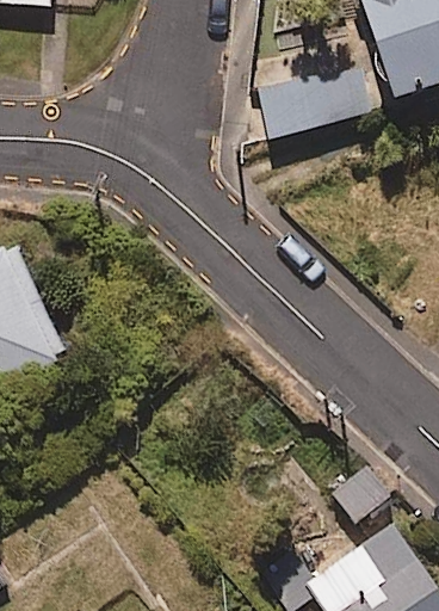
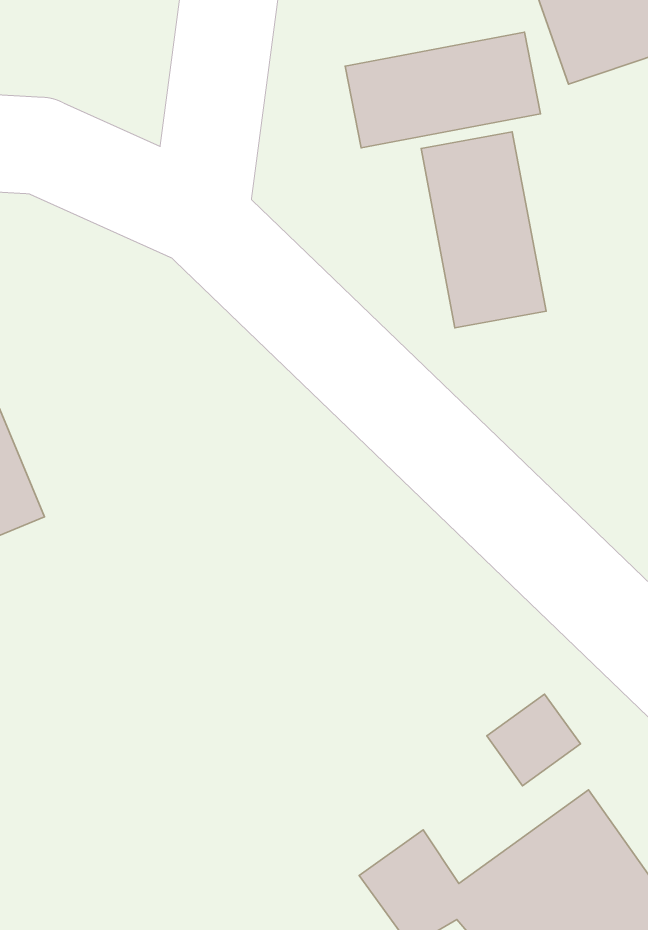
building: none -> [421,132,546,328]

